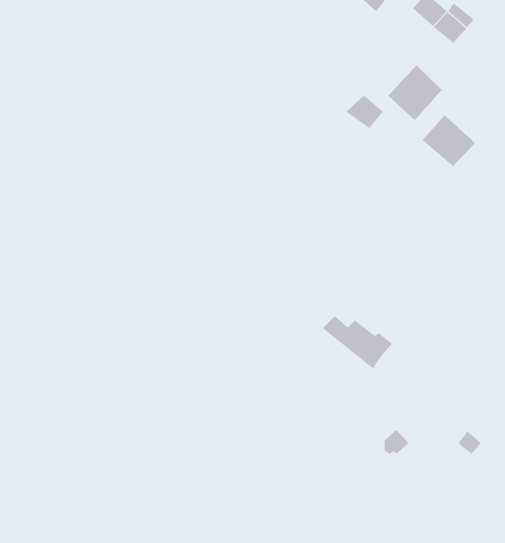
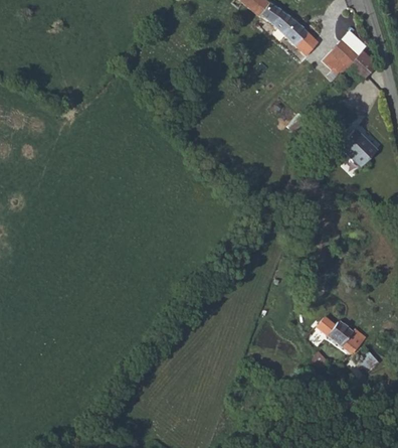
building: [388,65,442,121] -> none
building: [322,315,393,369] -> [317,316,367,354]

